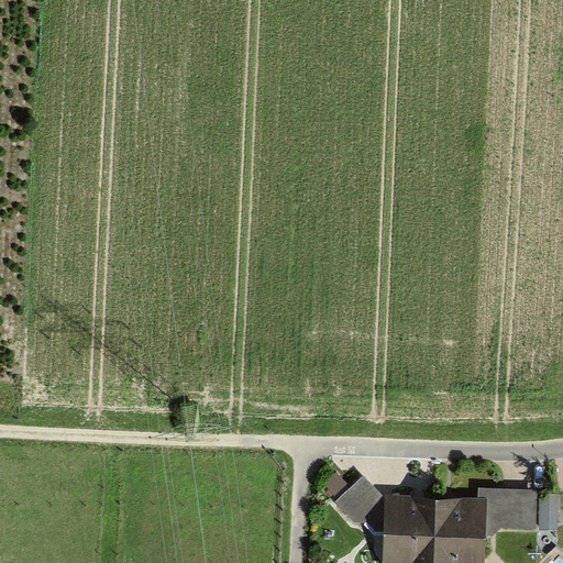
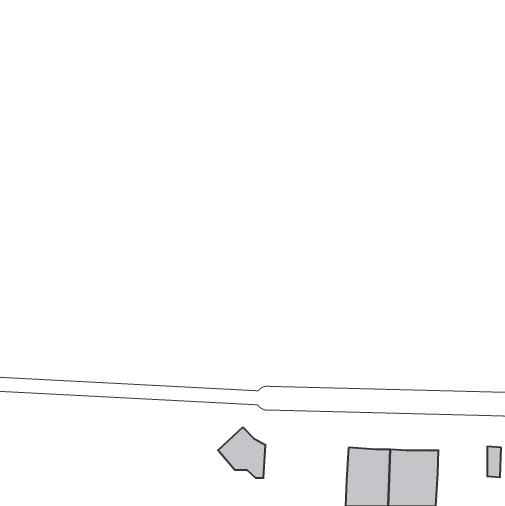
building: [334,477,387,533] -> [218,427,266,478]
building: [479,489,533,527] -> none

